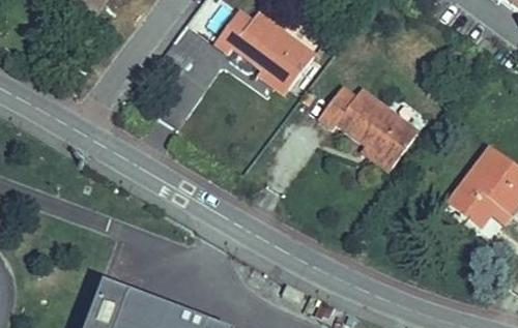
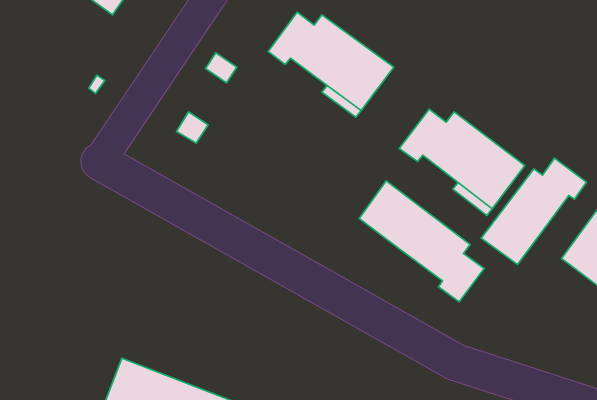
building: none -> [481,158,587,264]
building: none -> [359,181,484,302]

